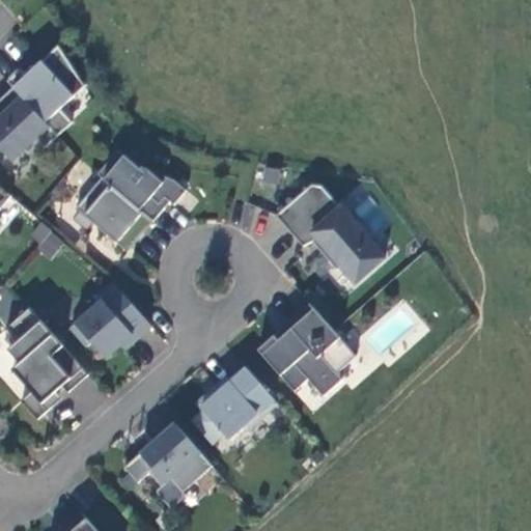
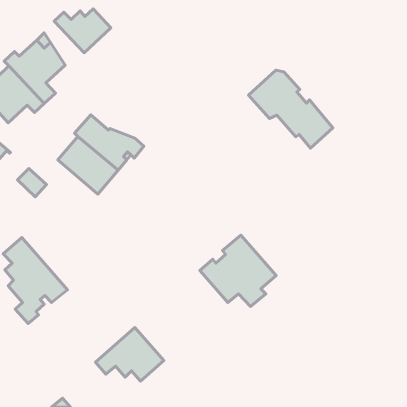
building: none -> [54,9,111,53]
building: [277,183,386,283] -> [249,70,333,148]
building: [69,282,151,358] -> none
building: [193,369,277,443] -> none

